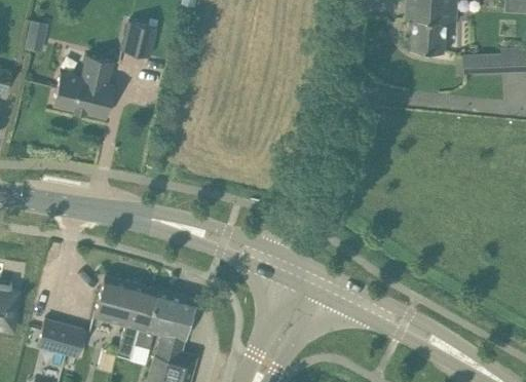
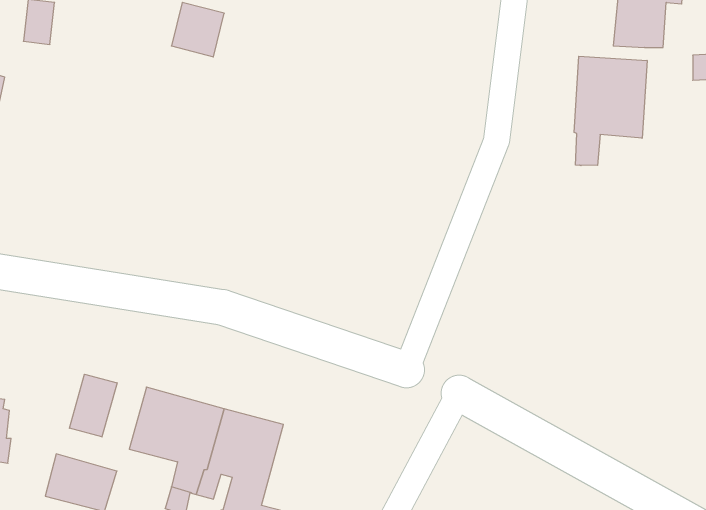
building: [52,55,113,119] -> none
building: none -> [574,56,647,166]
building: none -> [69,374,117,437]

